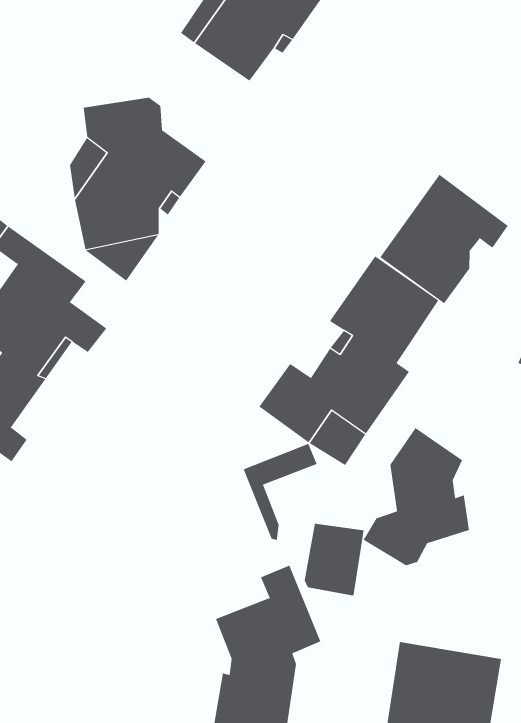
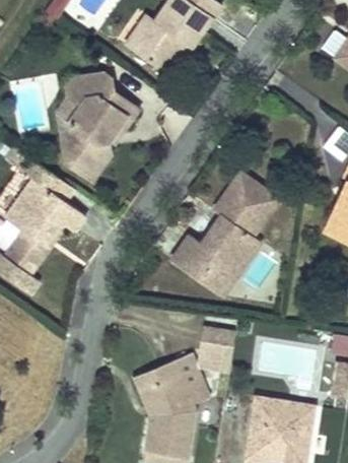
building: [380,174,509,304] -> none
building: [363,427,470,566] -> none
building: [243,443,318,541] -> [134,358,178,415]

